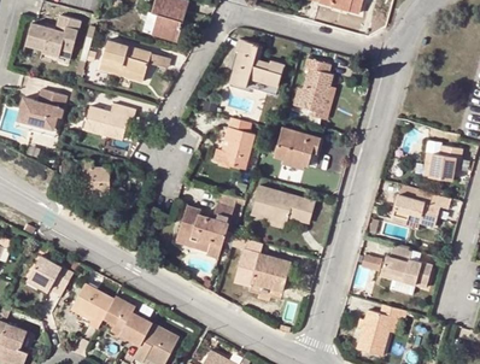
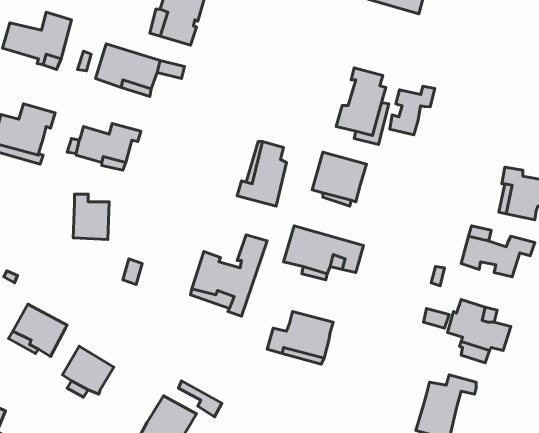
building: [229,41,282,87] -> none
building: none -> [390,86,435,135]
building: [103,293,153,344] -> none

